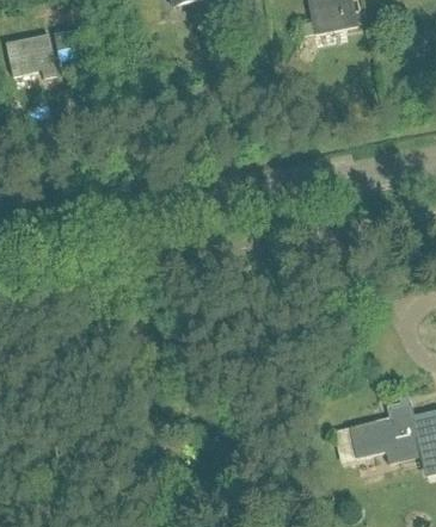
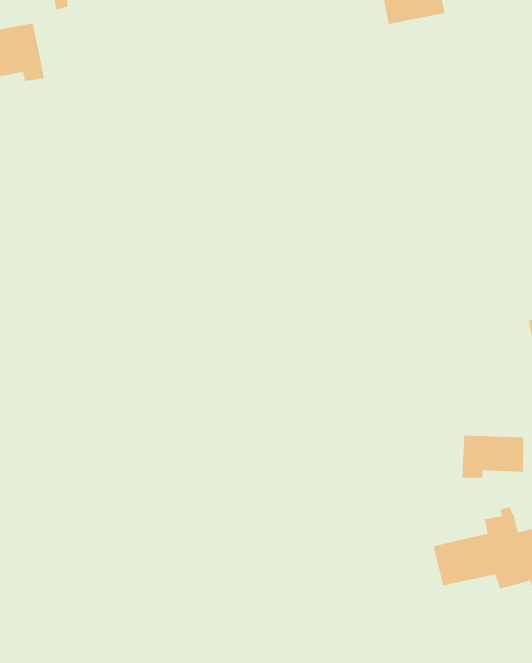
building: none -> [462,435,524,478]

